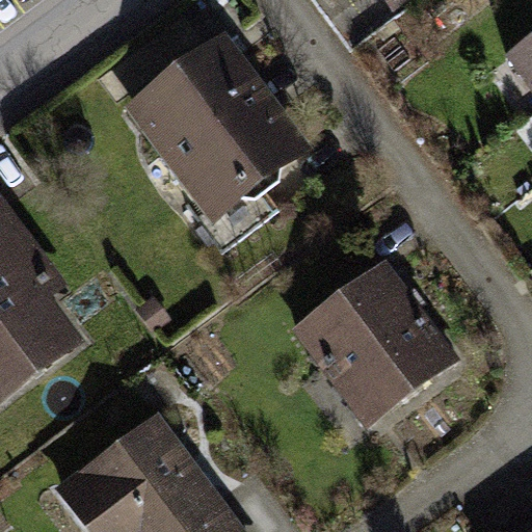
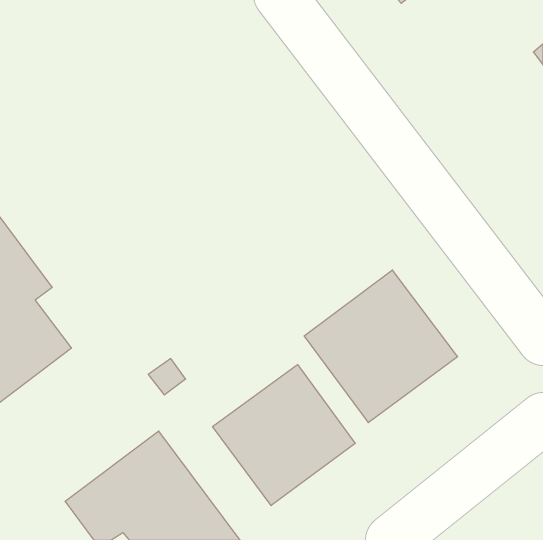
building: [134,41,301,249] -> none
building: none -> [213,365,355,506]

